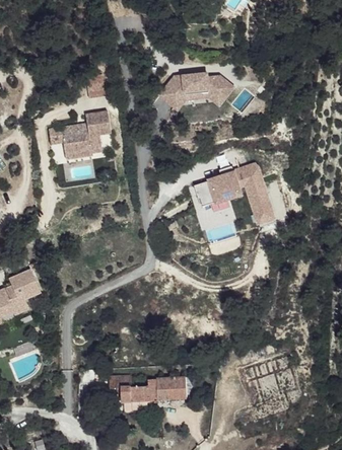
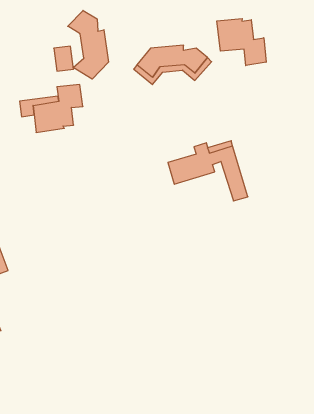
building: none -> [68,10,108,79]
building: none -> [217,19,266,66]
building: [108,377,196,403] -> none

